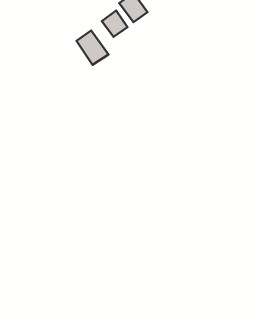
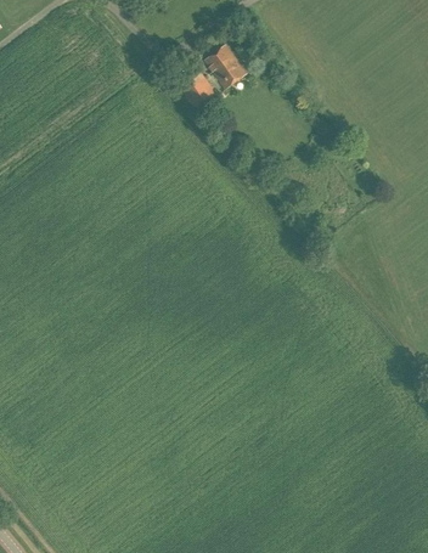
building: [76,30,108,65] -> none

